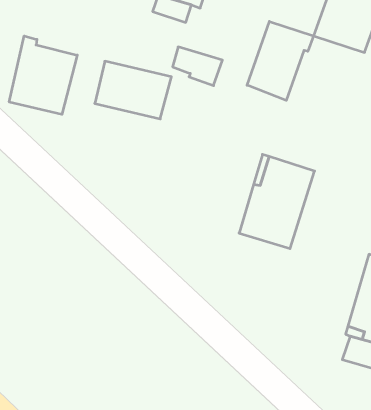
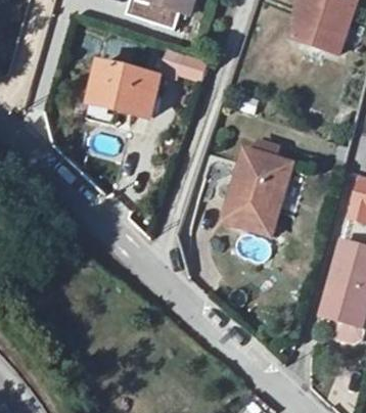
building: [247,21,313,100] -> none
building: [9,36,77,114] -> none

